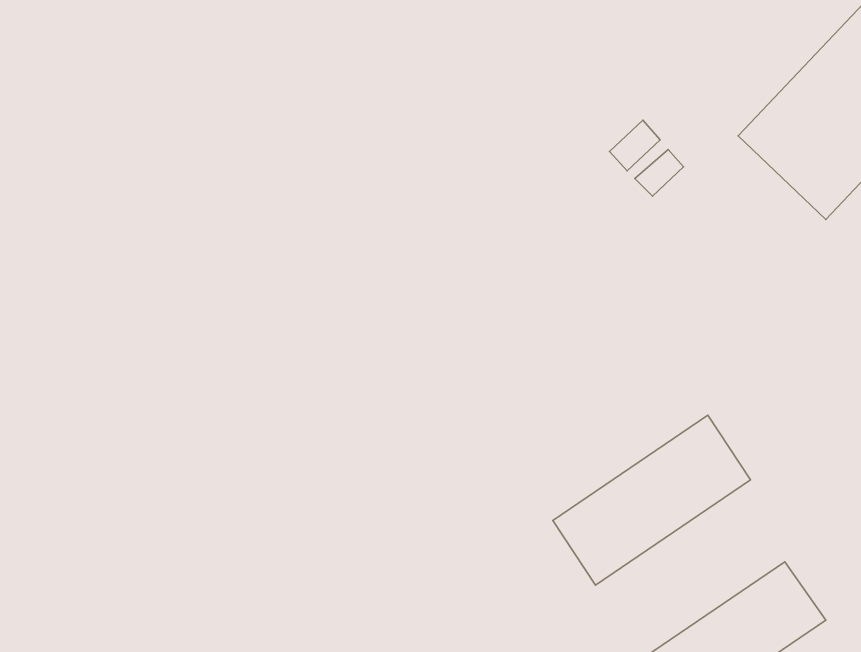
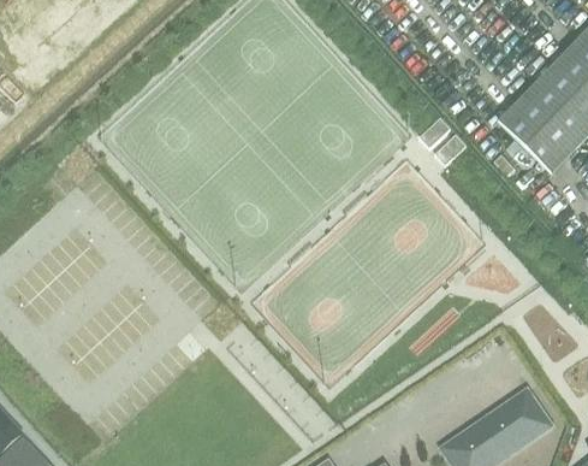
building: [553,415,751,585] -> none

